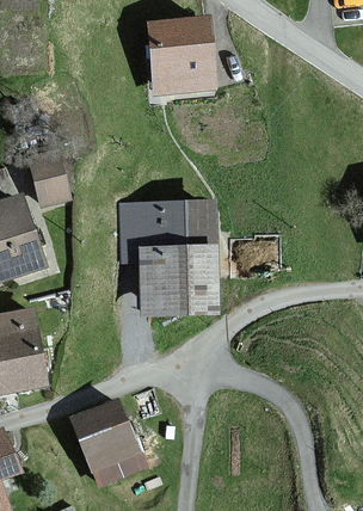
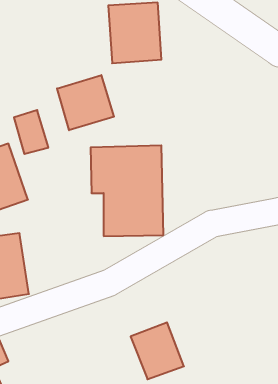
building: none -> [57,75,114,130]
building: [72,399,140,472] -> [131,322,184,379]

